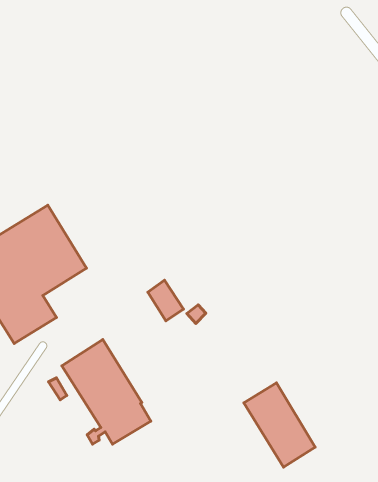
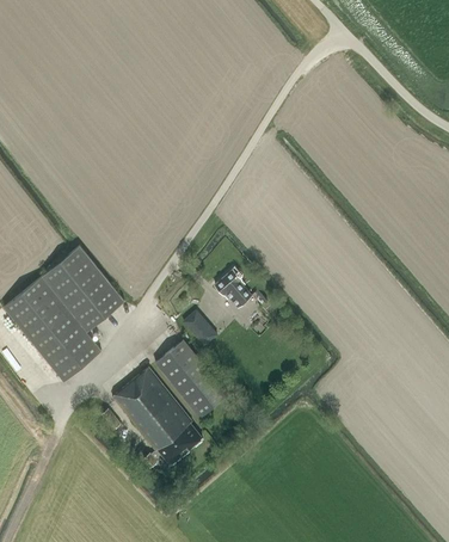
building: none -> [214,270,251,307]
building: [244,383,315,467] -> [154,339,227,418]

